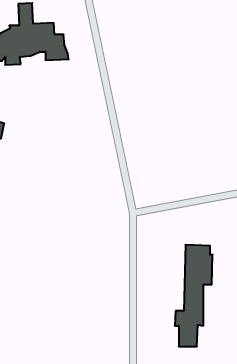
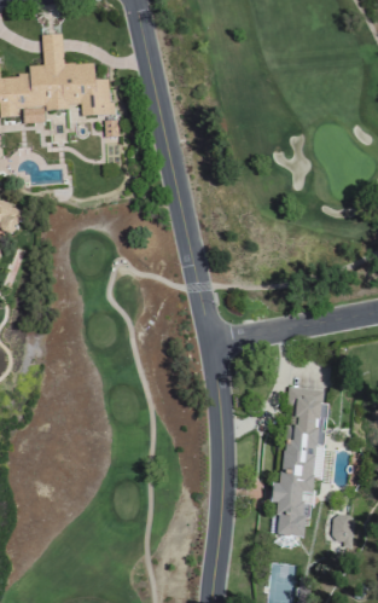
building: none -> [331,512,353,541]

